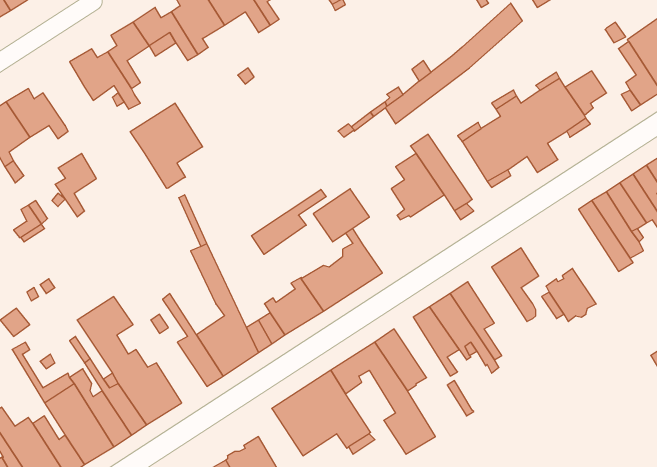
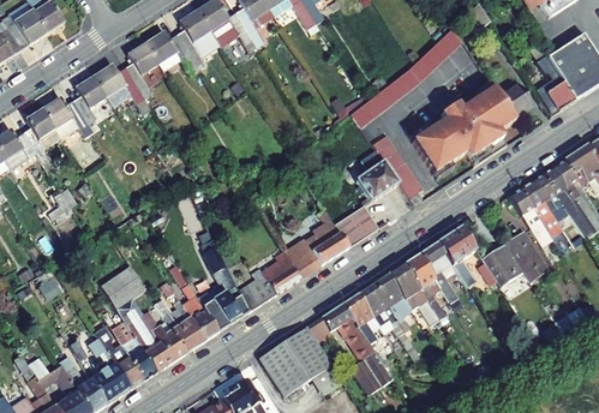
building: [130,103,203,188] -> none
building: [55,153,96,217] -> [72,76,106,127]
building: [313,189,369,242] -> [333,204,378,247]
building: [252,189,326,254] -> none
building: none -> [504,232,547,281]
building: none -> [418,243,457,303]
building: none -> [358,283,403,336]
building: none -> [154,299,205,353]

